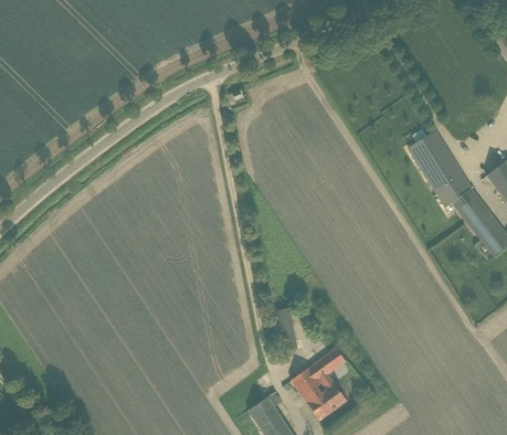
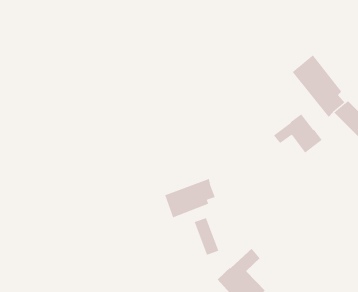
building: none -> [273,113,323,153]
building: none -> [164,178,215,218]

